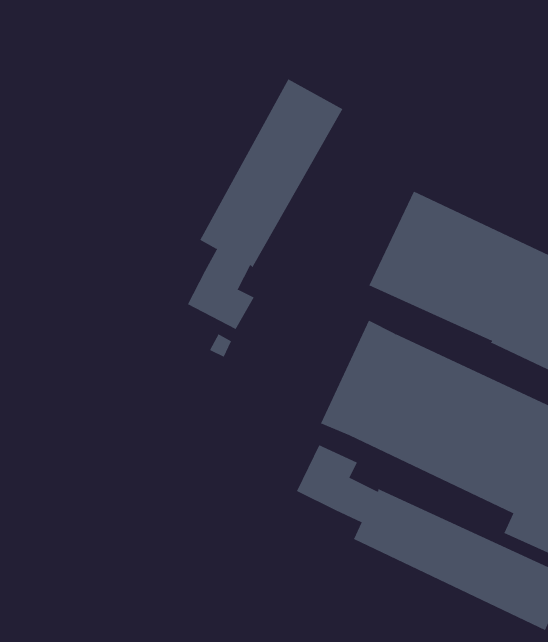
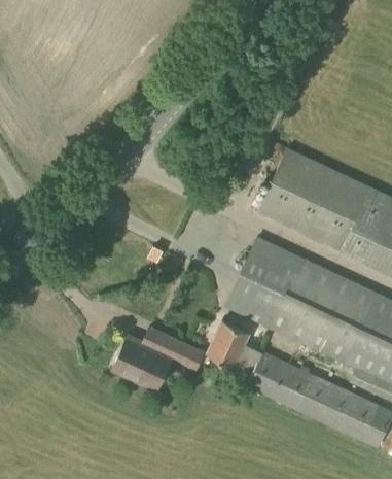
building: [187,78,343,330] -> none
building: none -> [112,326,205,390]

